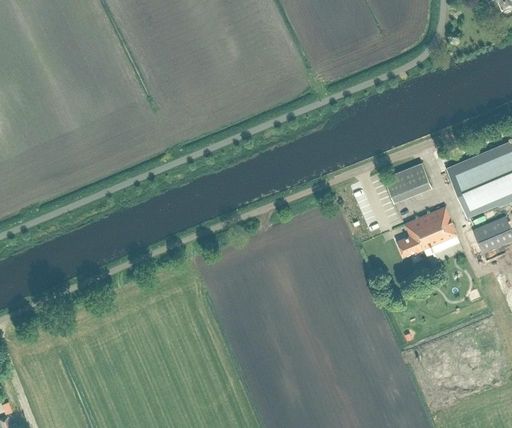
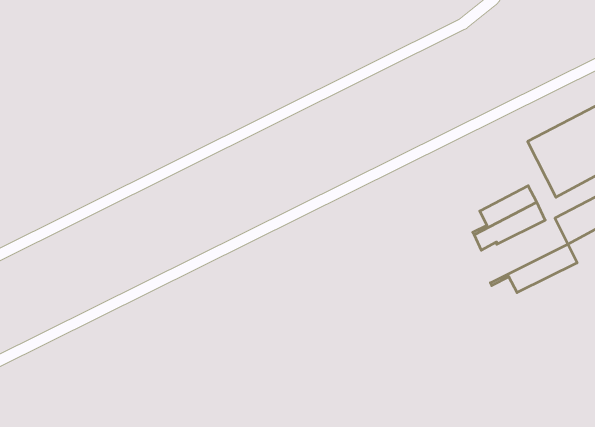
building: [385,163,432,202] -> none
building: none -> [490,244,577,293]

